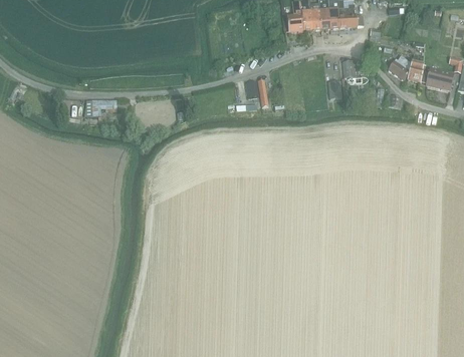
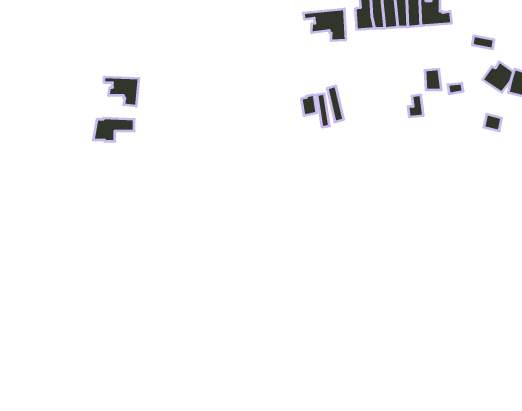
building: none -> [303,9,346,41]
building: none -> [104,77,139,106]

